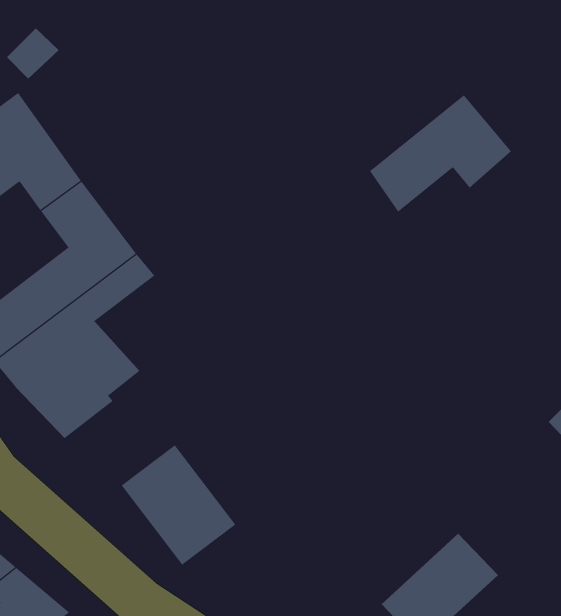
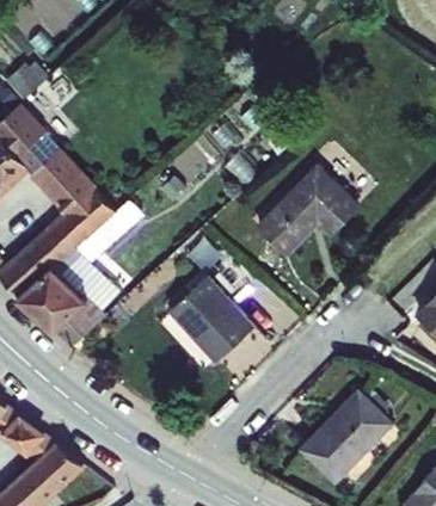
building: [369,95,512,213] -> [256,165,355,252]
building: [121,445,236,566] -> [170,276,253,360]

